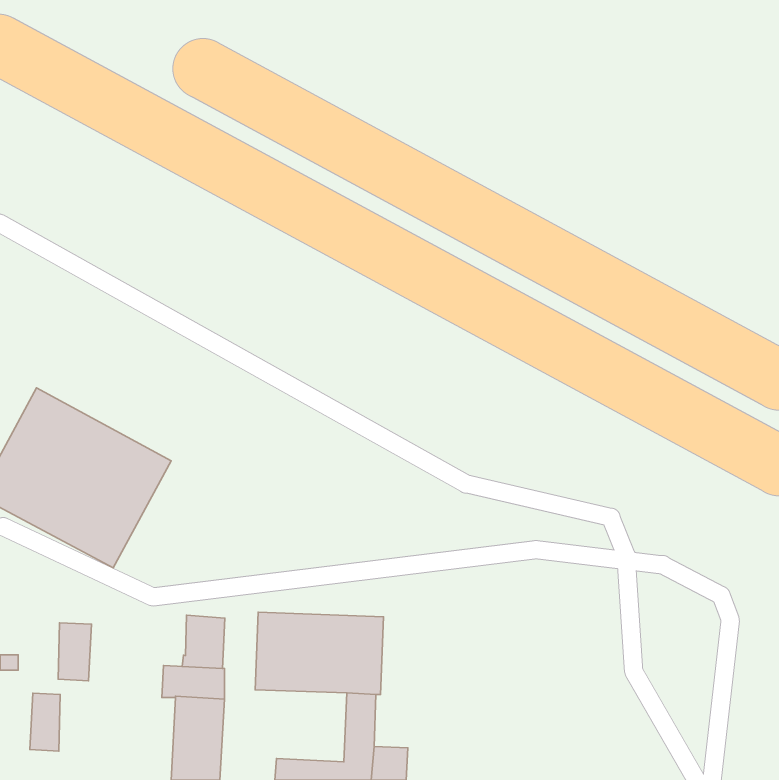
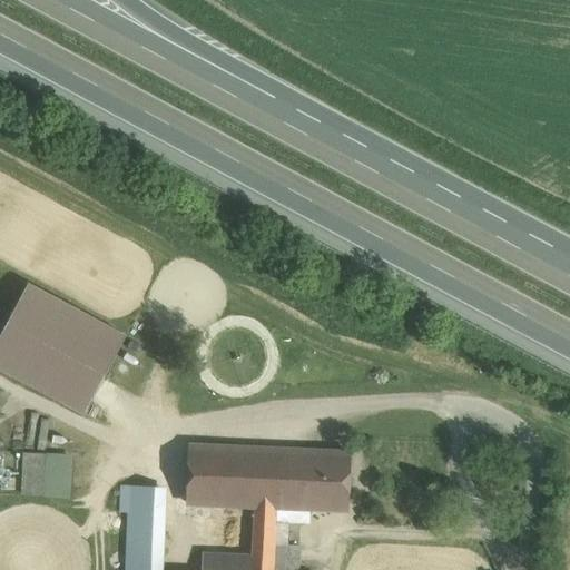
building: [182,615,225,668] -> none
building: none -> [277,450,348,510]
building: [30,693,60,751] -> [21,453,43,495]

